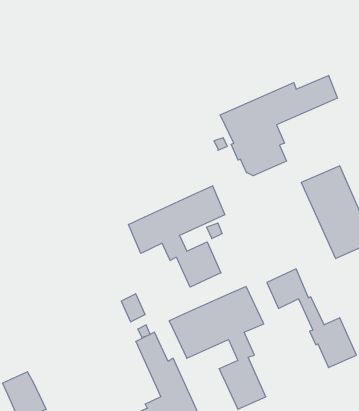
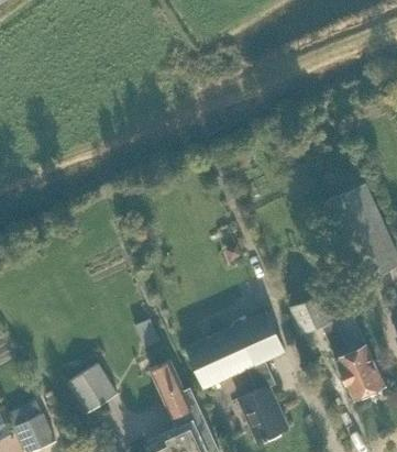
building: [220,75,338,176] -> none
building: [129,186,225,287] -> none
building: none -> [67,363,117,412]

